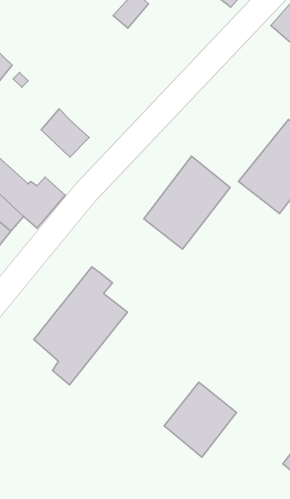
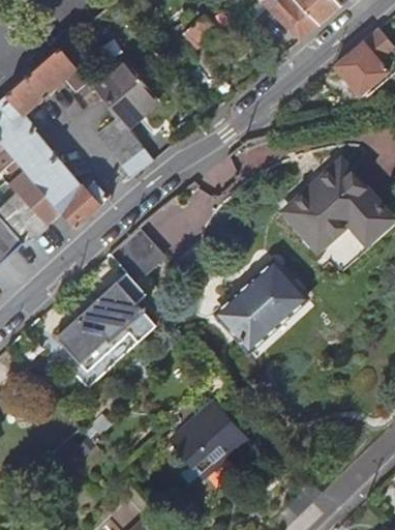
building: none -> [95,63,155,129]
building: [144,156,230,249] -> [214,262,303,351]
building: none -> [108,230,158,281]

